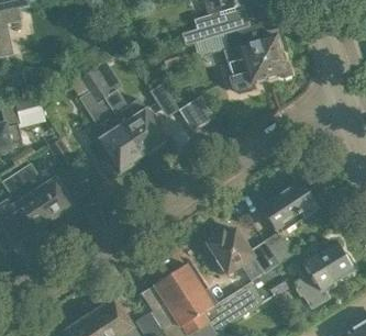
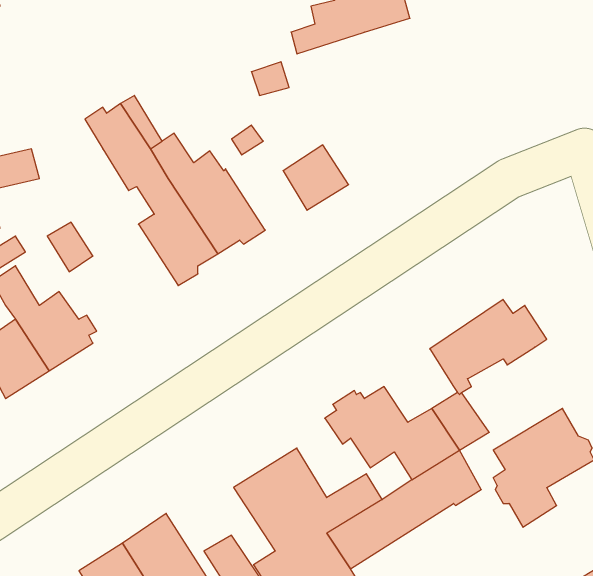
building: [224,21,290,92] -> none

